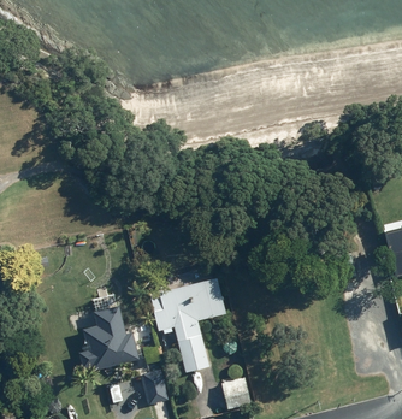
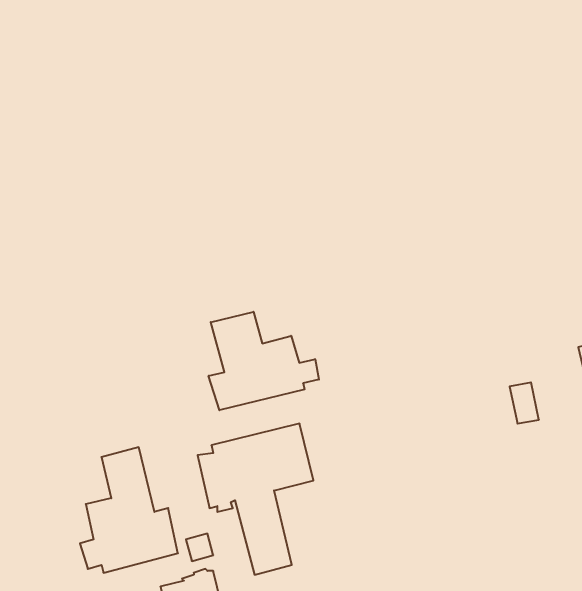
building: none -> [209,312,319,410]

